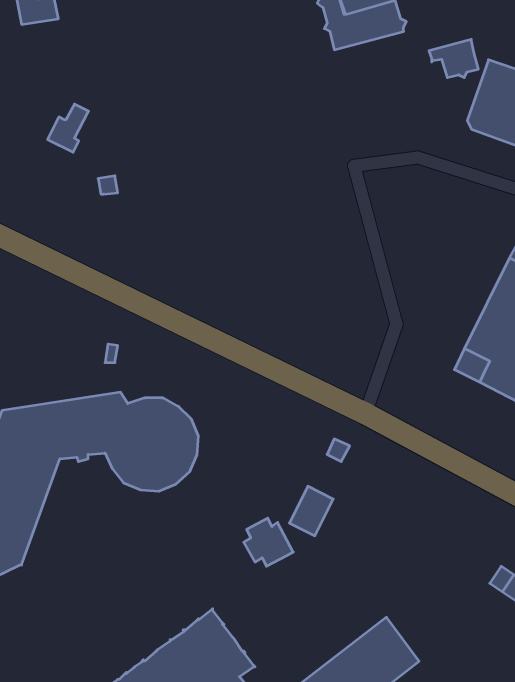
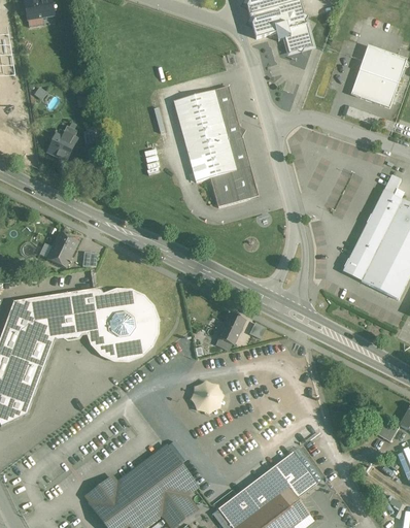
building: [429,39,478,78] -> [276,24,312,52]
building: [48,104,89,152] -> [47,125,77,160]
building: none -> [174,84,260,205]
building: none -> [46,231,78,267]
building: [289,486,333,536] -> [217,309,249,345]

